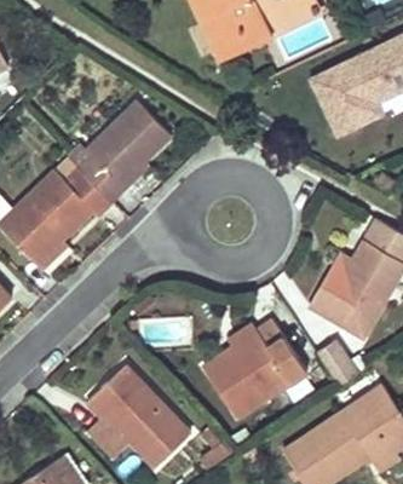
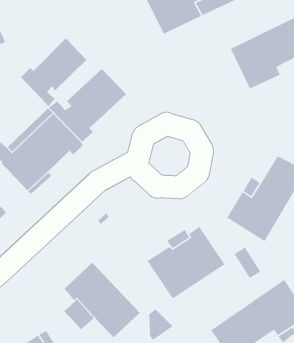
building: none -> [20,38,87,107]

